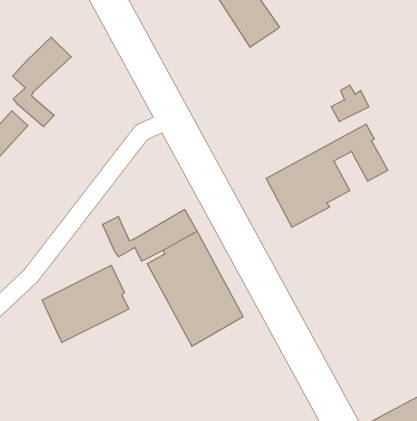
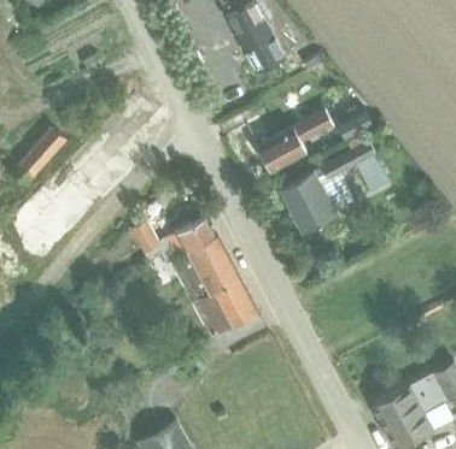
building: [13,37,71,127] -> none
building: none -> [247,112,333,173]
building: [42,265,129,343] -> none

